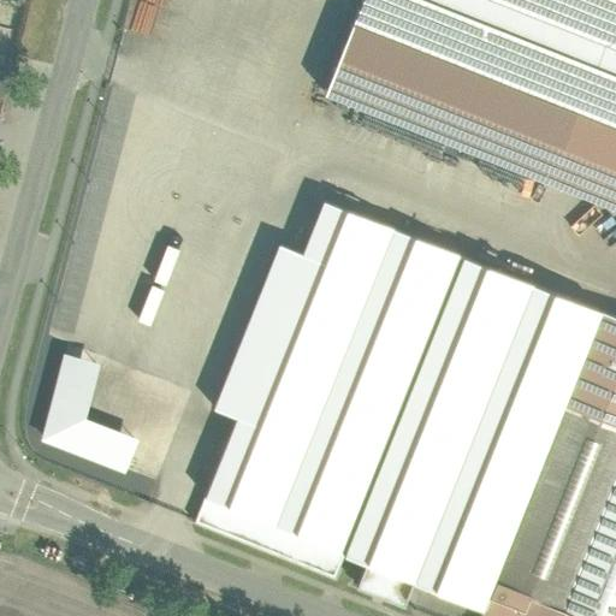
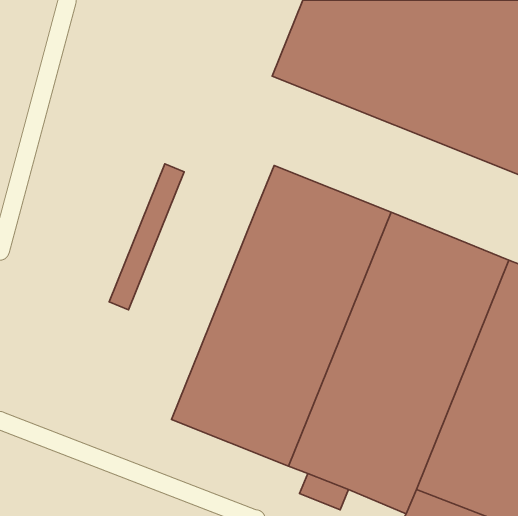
building: [215,243,304,416] -> [109,164,184,310]
building: [47,356,135,468] -> none
building: [195,500,343,580] -> none

